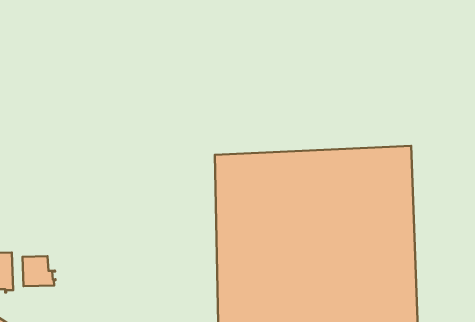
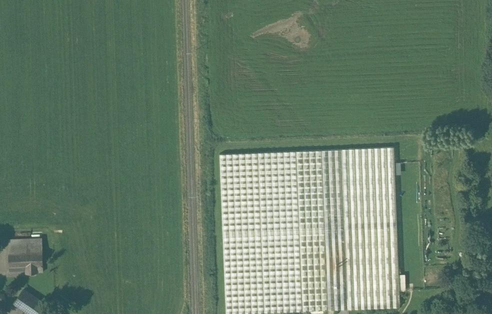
building: [23,256,56,286] -> none

